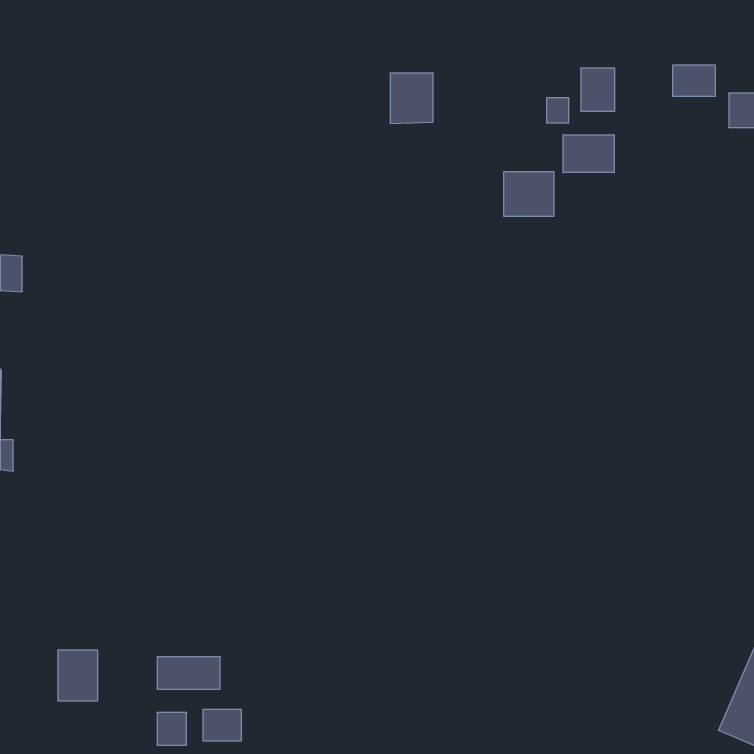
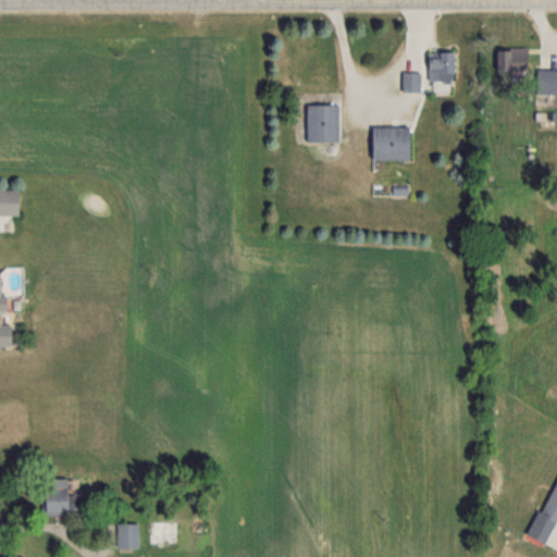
building: [390,73,433,124] -> [308,107,339,144]
building: [563,135,614,173] -> none
building: [157,656,220,689] -> none

